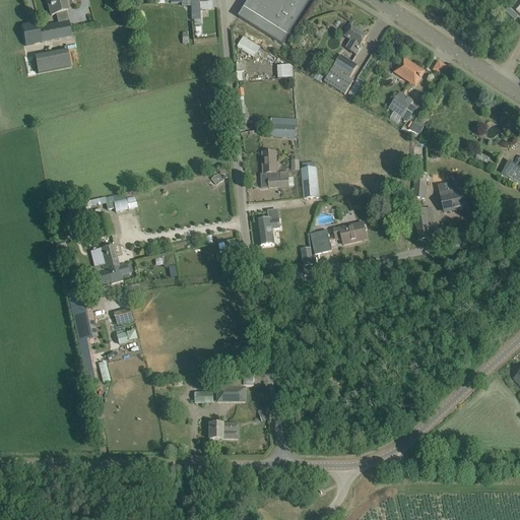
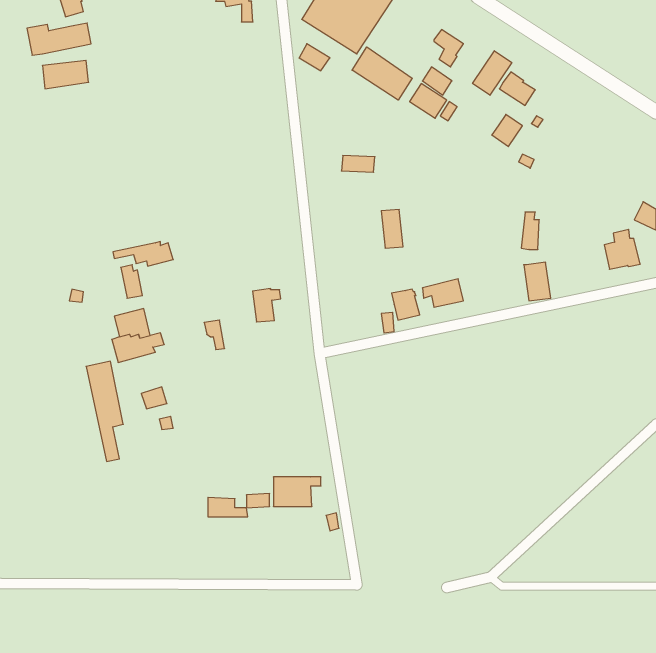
building: none -> [352,47,412,100]
building: none -> [473,51,512,95]
building: [263,150,289,186] -> none
building: [441,178,469,209] -> [604,229,640,269]
building: [257,217,279,244] -> [253,289,281,322]
building: [209,421,241,437] -> [208,497,248,517]

